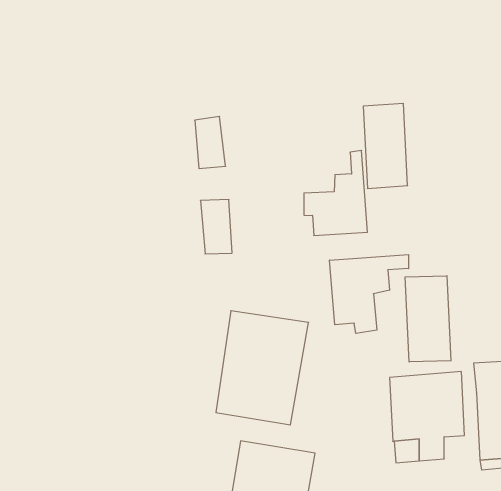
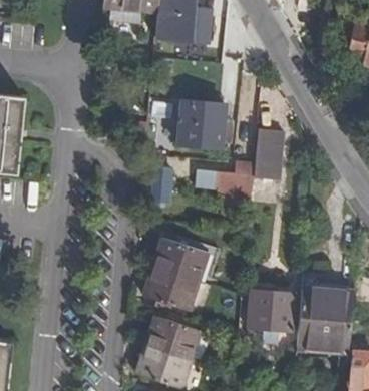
building: none -> [176,100,231,149]
building: [330,255,409,333] -> none
building: [405,276,451,362] -> none

